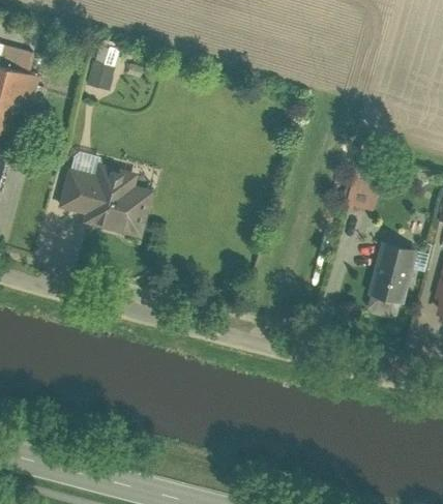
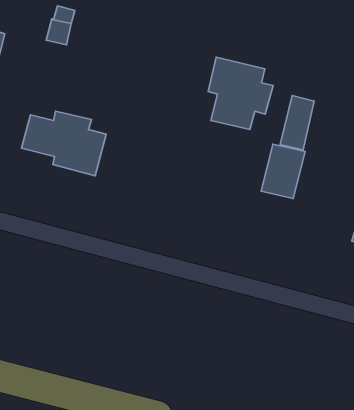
building: none -> [208,57,273,130]
building: [367,243,417,304] -> [261,144,305,199]

